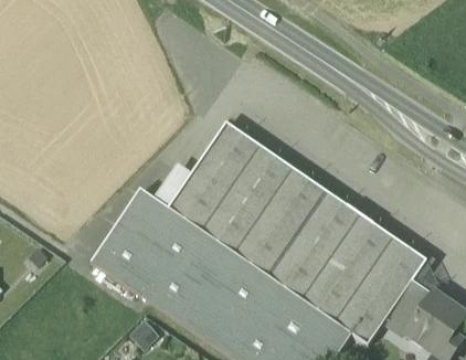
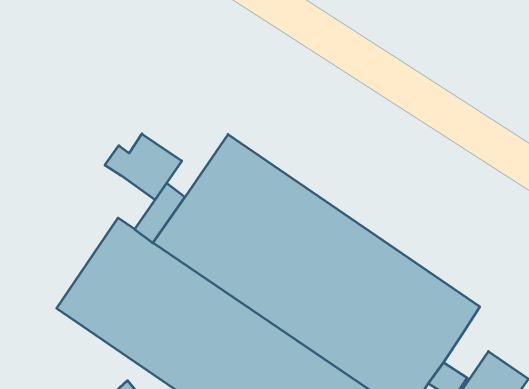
building: none -> [105,134,182,200]
building: [398,282,431,316] -> none

